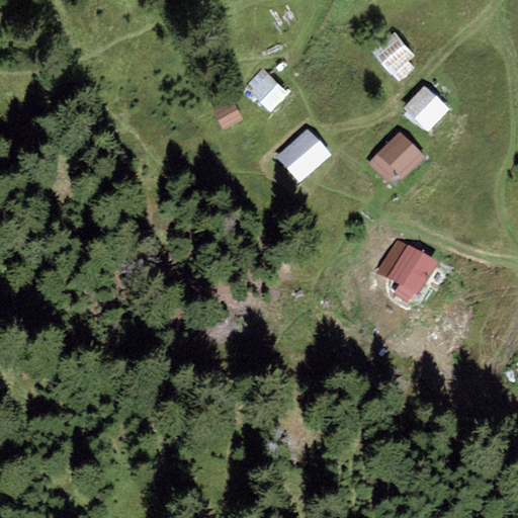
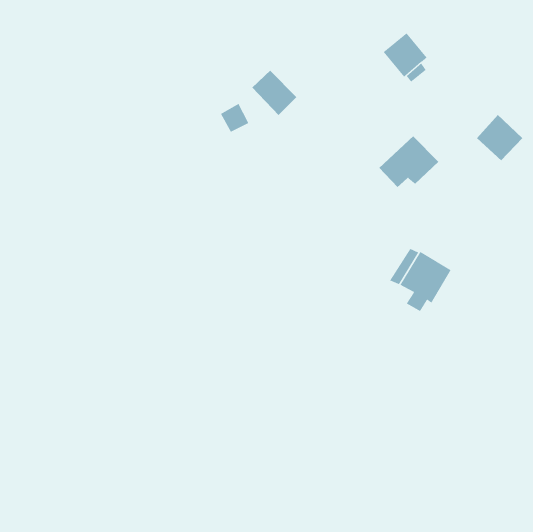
building: [404,85,449,131] -> [476,114,523,161]
building: [275,128,330,182] -> none

